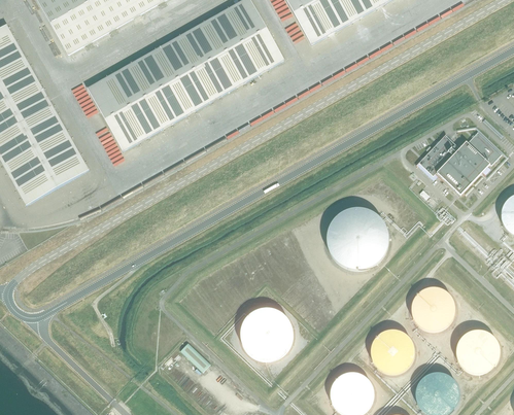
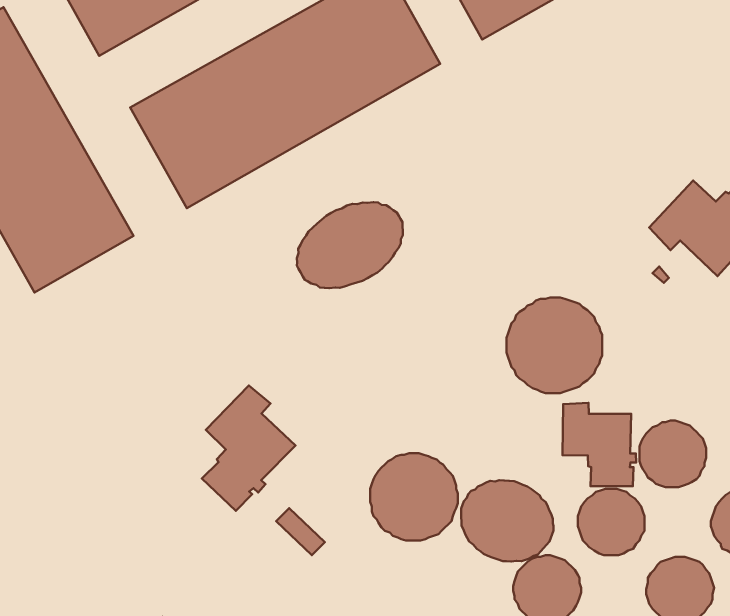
building: none -> [297,202,403,288]
building: none -> [202,386,295,511]
building: none -> [563,403,636,486]
building: none -> [461,480,554,562]

